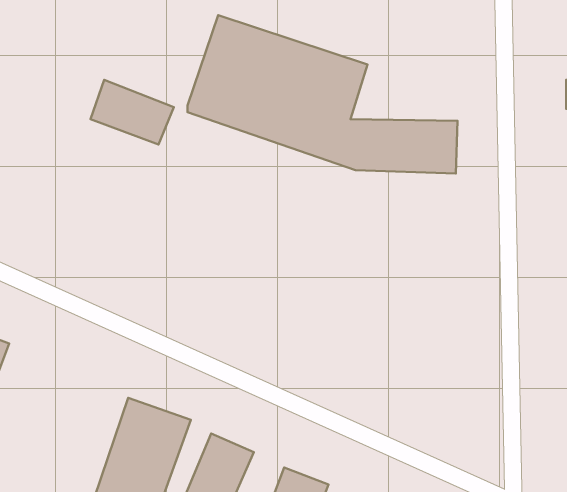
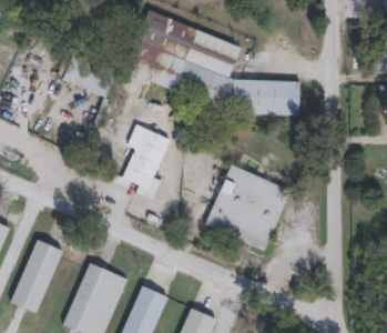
building: none -> [110,123,172,198]
building: none -> [204,164,291,250]
building: none -> [10,238,61,313]

